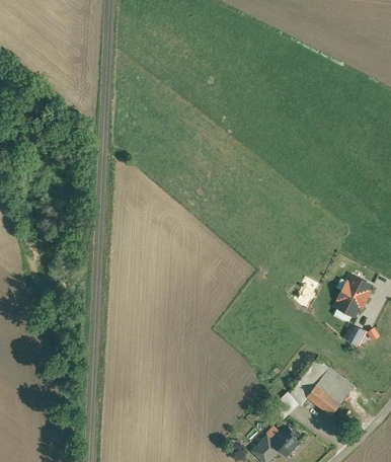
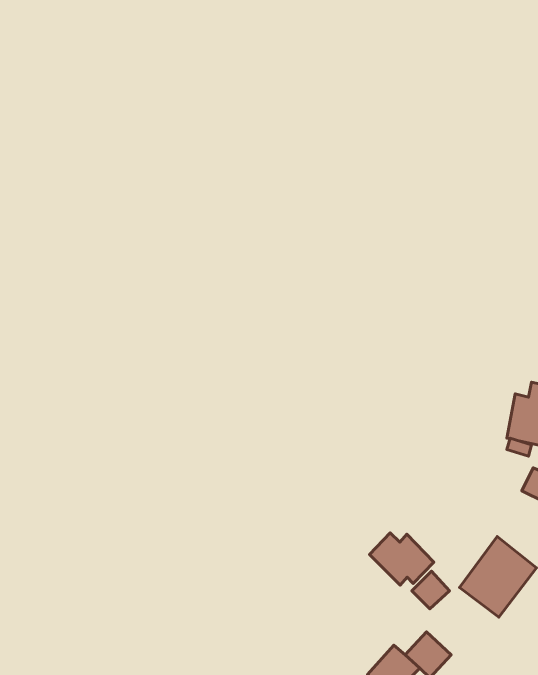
building: none -> [370,533,434,585]

